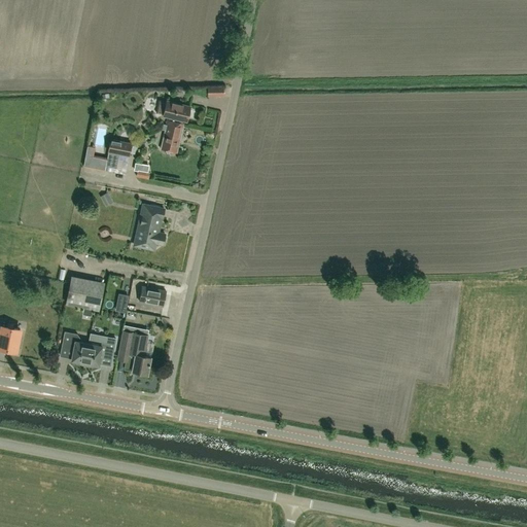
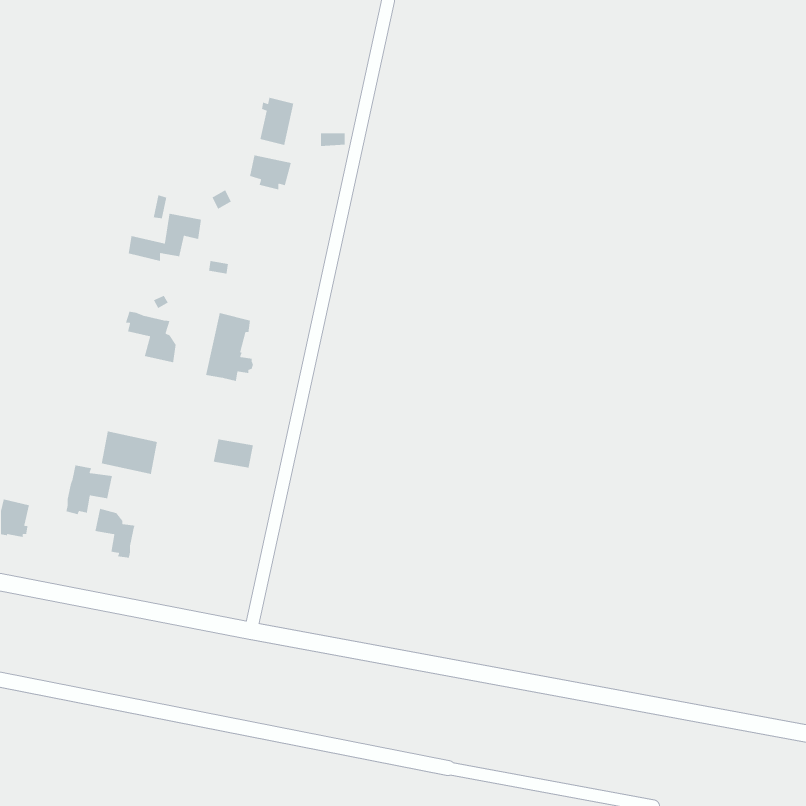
building: [161,120,183,152] -> [259,97,294,146]
building: none -> [125,311,176,363]
building: [117,330,151,374] -> none
building: [84,333,115,366] -> [65,465,113,515]

